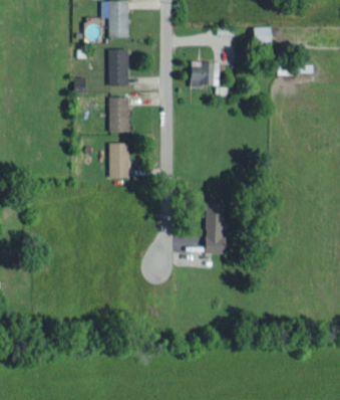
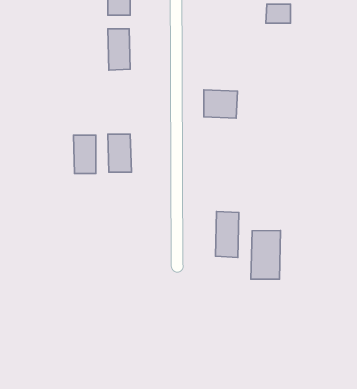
building: [190,61,220,86] -> [204,90,237,118]
building: [109,97,129,132] -> [73,135,96,173]
building: none -> [251,231,281,279]

